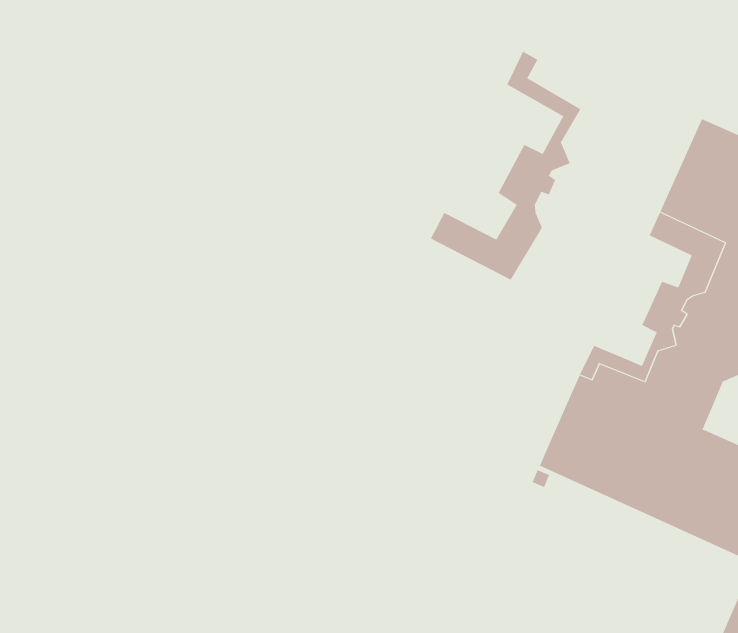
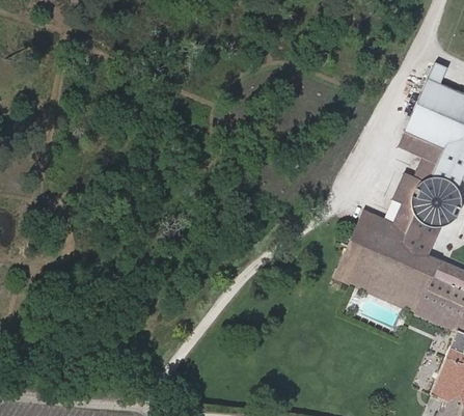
building: [430,51,581,281] -> none

